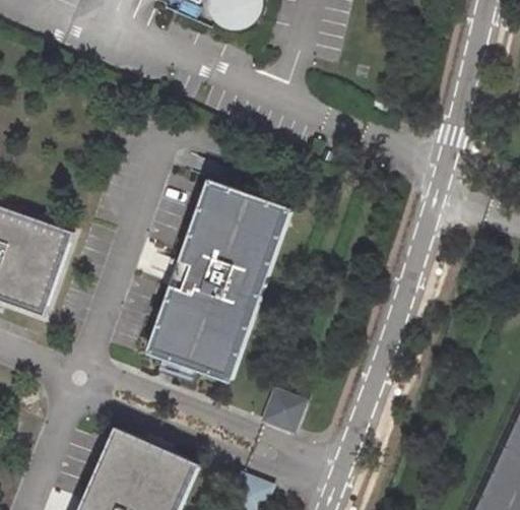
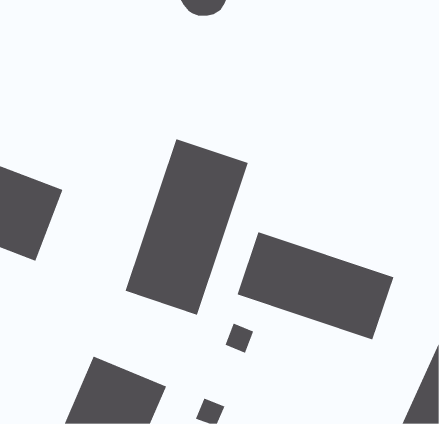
building: none -> [236,231,394,341]

